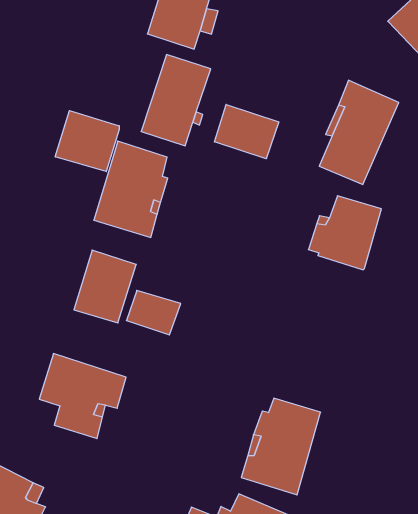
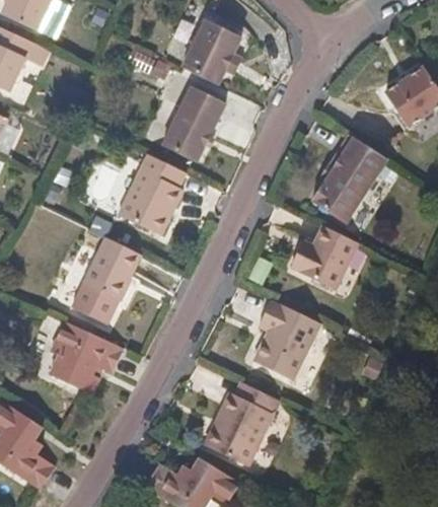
building: [214,104,279,159] -> none
building: [55,111,119,172] -> none
building: [126,290,181,335] -> [77,286,124,327]
building: none -> [259,300,322,381]

